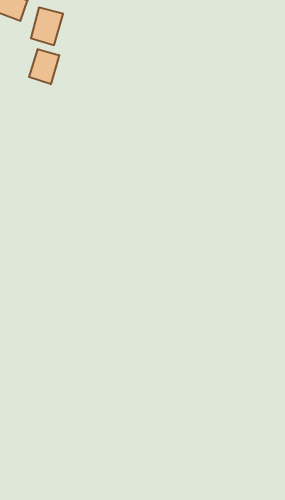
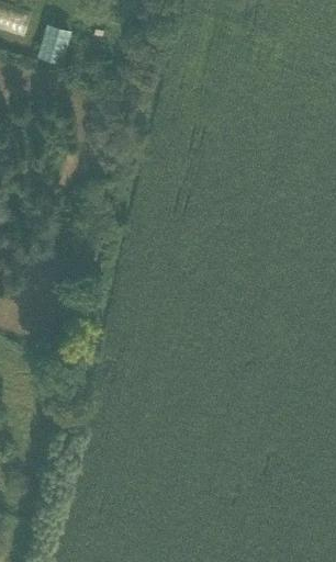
building: [29,49,59,84] -> none

